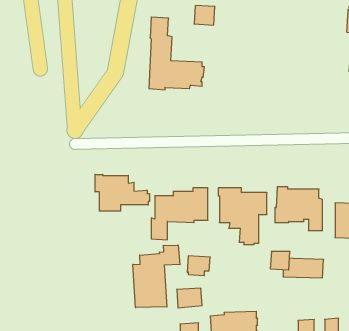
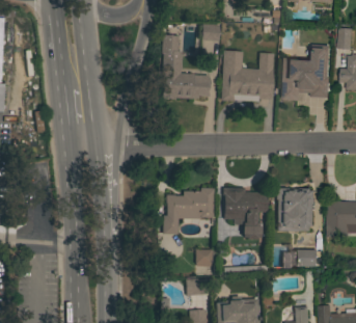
building: none -> [278,46,329,101]
building: none -> [220,50,273,102]
building: [95,174,149,211] -> none
building: [133,245,180,308] -> none

